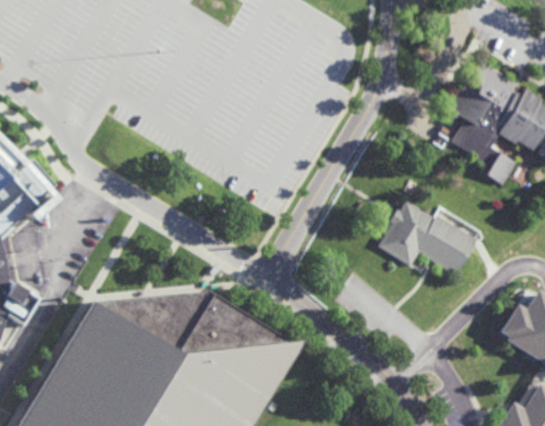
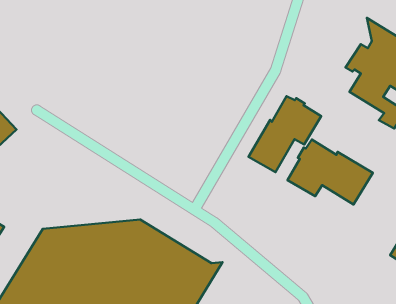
building: none -> [248,96,321,172]

